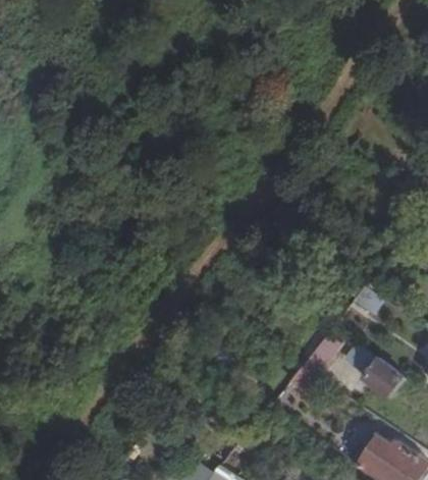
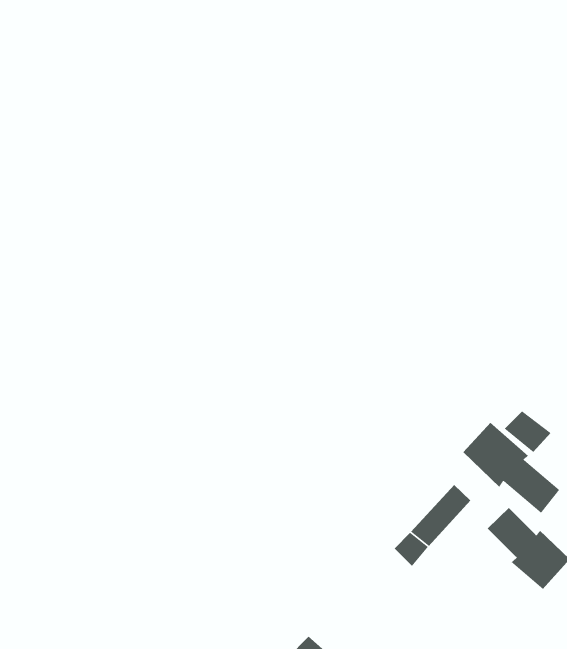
building: none -> [462,422,560,514]

